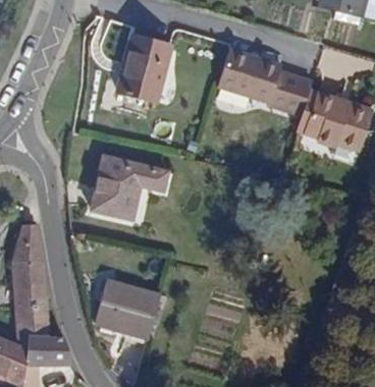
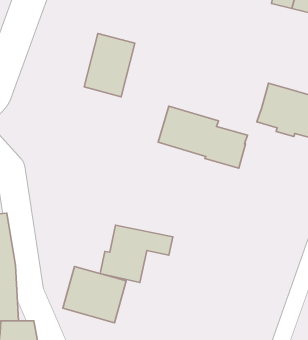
building: [218,48,312,113] -> [158,106,247,168]
building: [90,159,166,219] -> [100,225,173,282]

